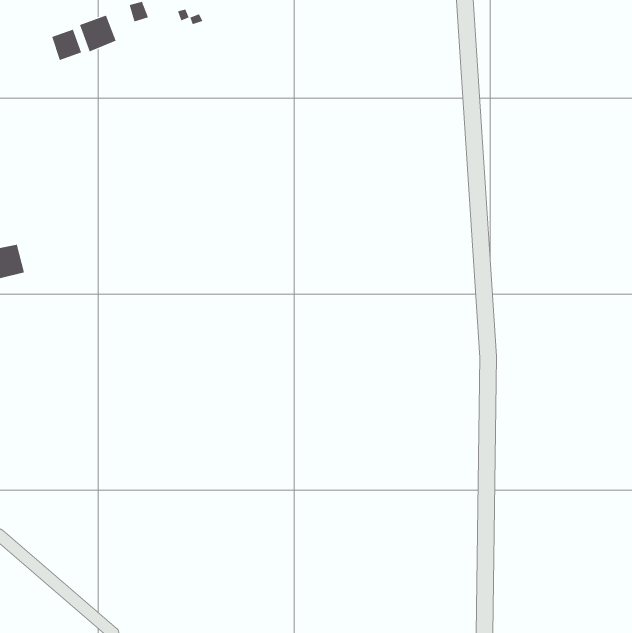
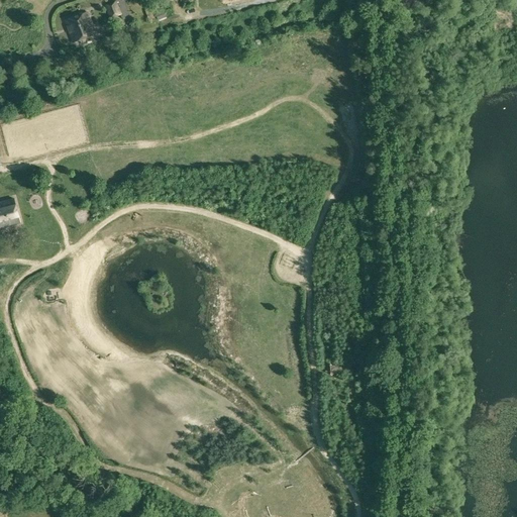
building: [51,29,82,61] -> none

